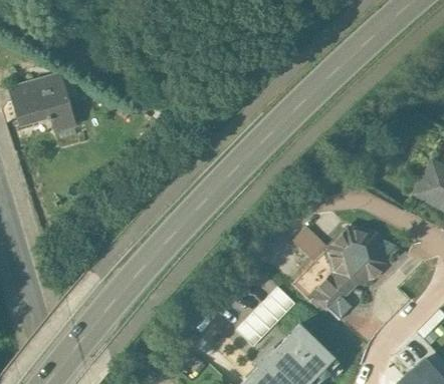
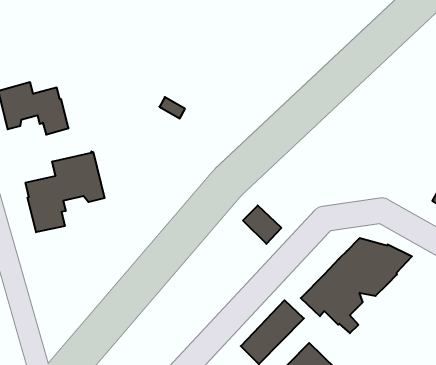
building: none -> [26,151,105,232]
building: [293,226,329,262] -> [243,205,281,244]

